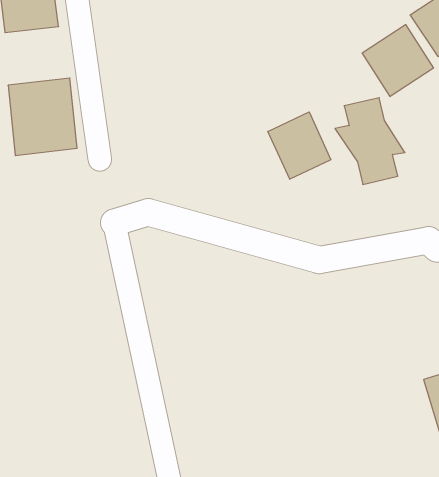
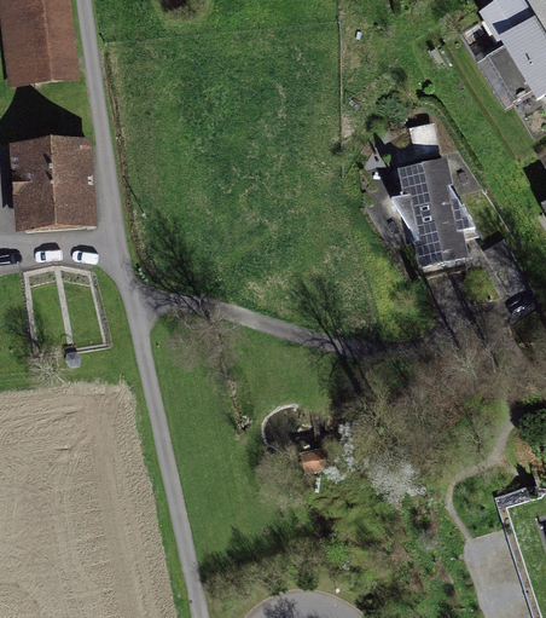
building: [362,25,433,97] -> none
building: [268,112,331,179] -> none

